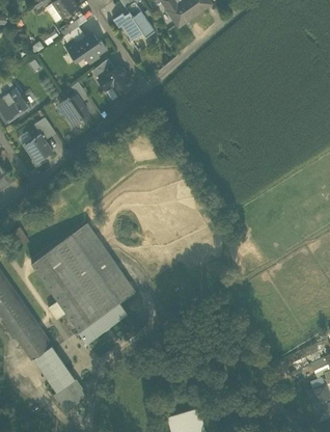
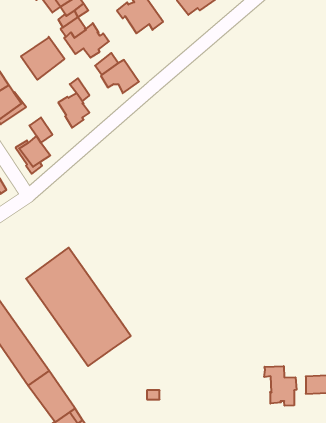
building: none -> [21,37,64,80]
building: [68,222,134,303] -> none
building: none -> [264,366,297,406]

